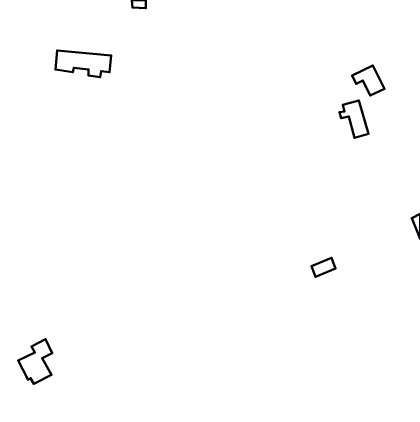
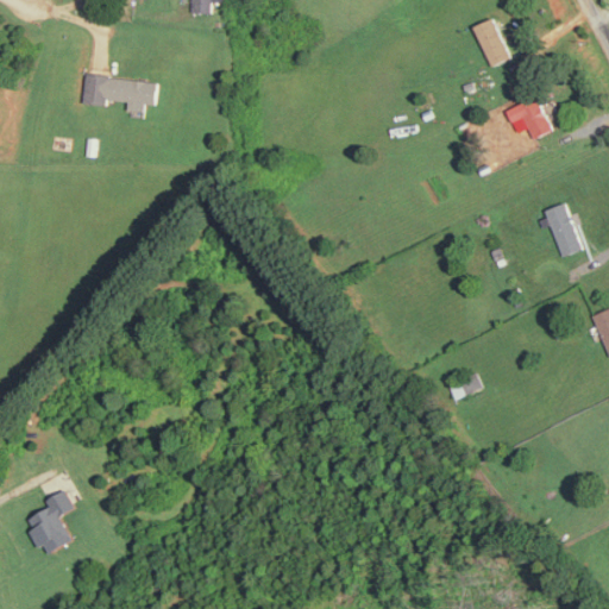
building: none -> [475,19,508,67]
building: [340,101,369,138] -> [539,202,580,256]

